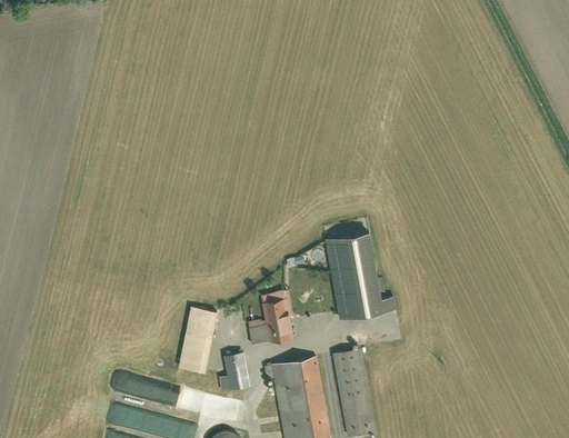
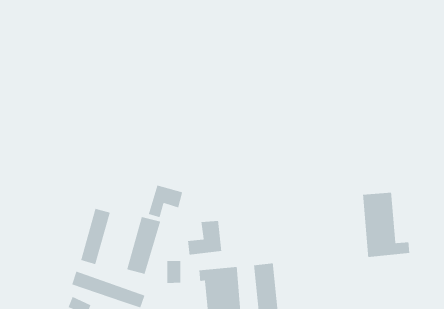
building: [328,237,391,319] -> [362,192,410,258]
building: none -> [148,184,183,218]
building: none -> [80,208,111,265]

